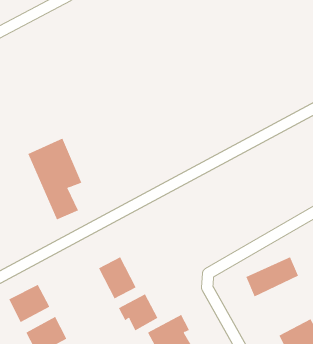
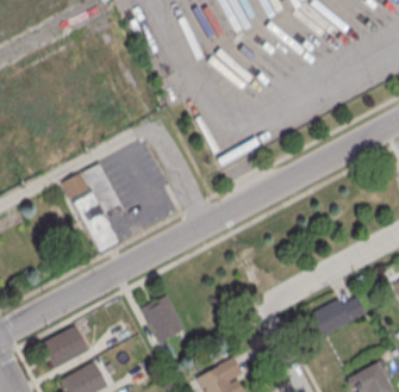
building: [118,293,158,331] -> none

